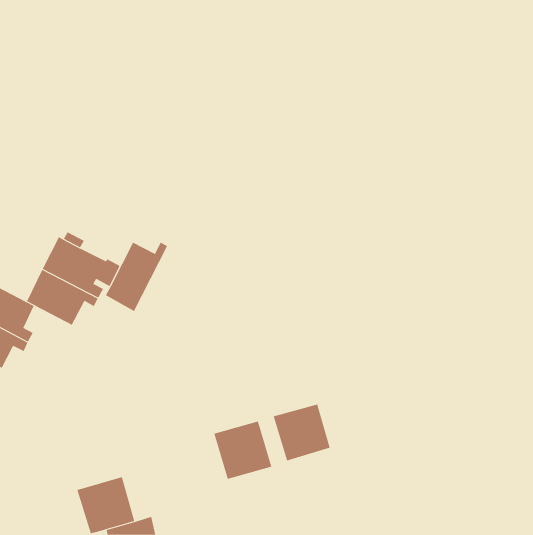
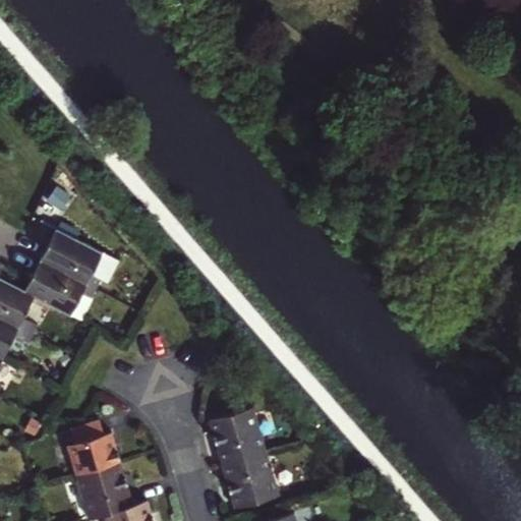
building: [105,242,168,312] -> none
building: [273,404,330,461] -> [221,454,277,510]
building: none -> [65,420,119,476]

